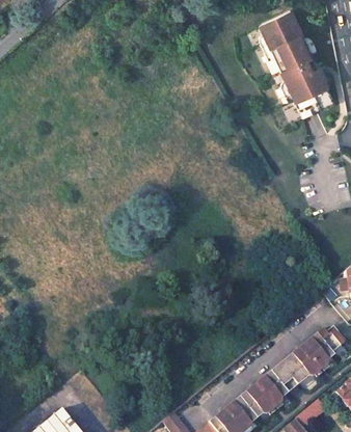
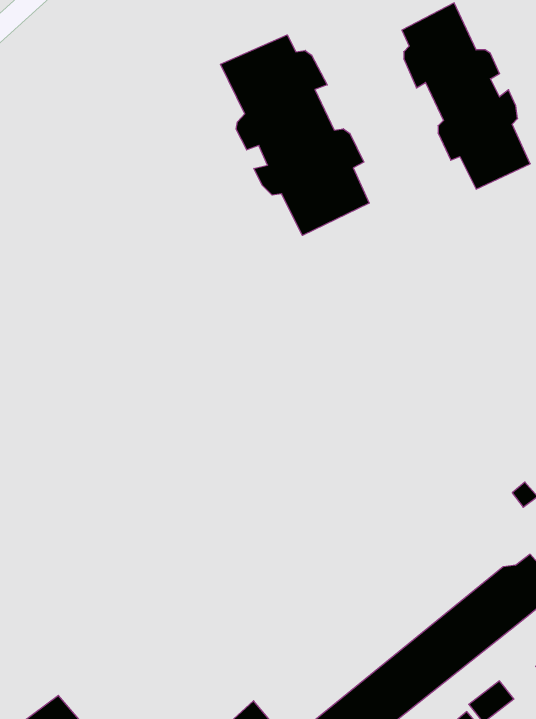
building: none -> [220,35,369,235]

